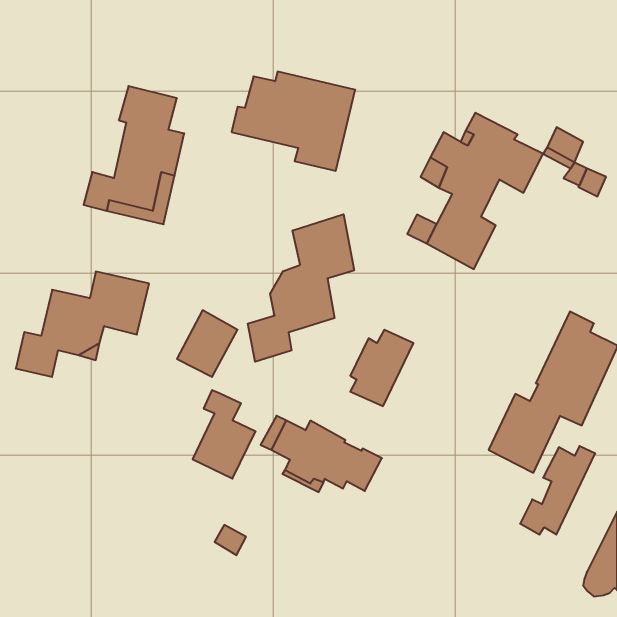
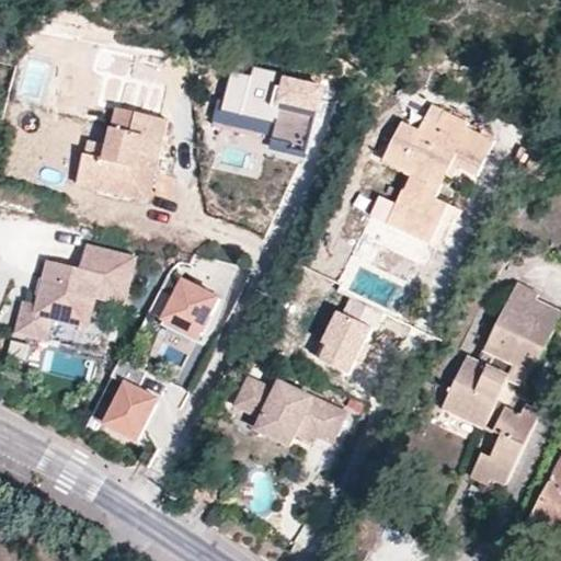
building: [248,214,354,362] -> none
building: [193,390,256,479] -> [99,358,156,438]

